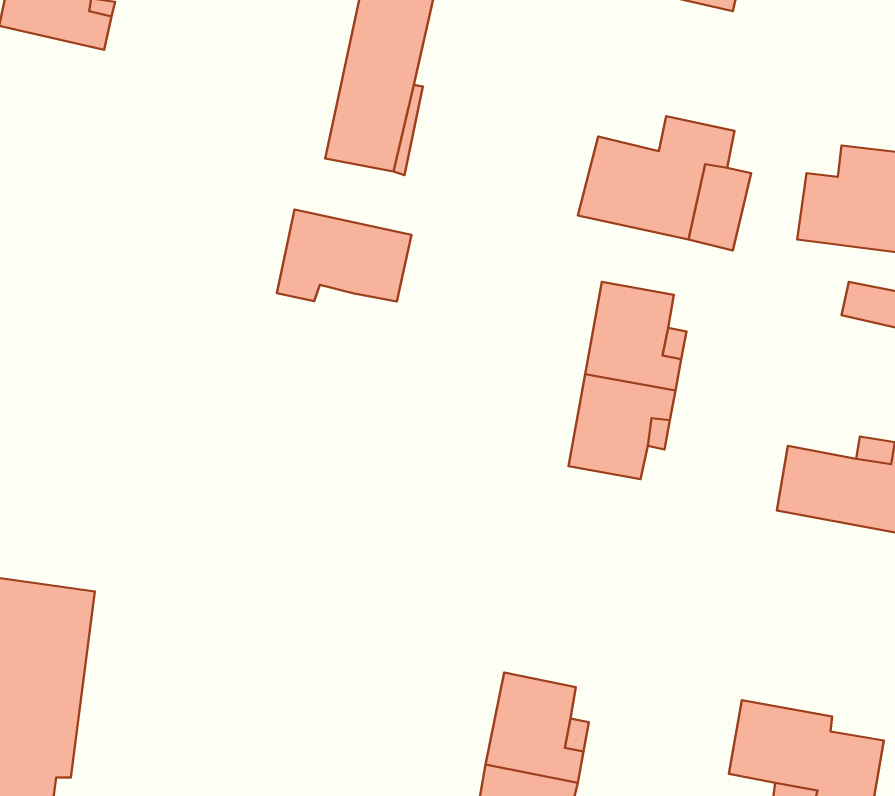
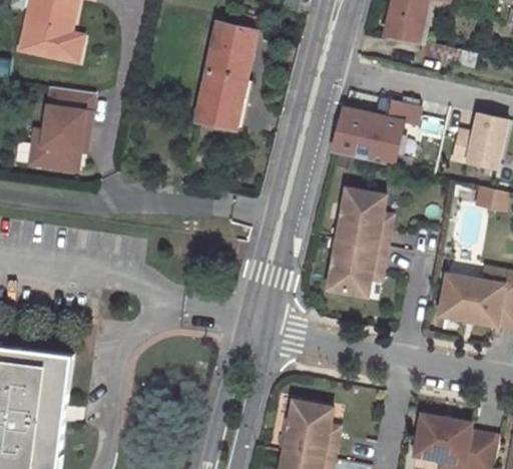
building: none -> [28,87,94,175]
building: [277,209,412,301] -> none

